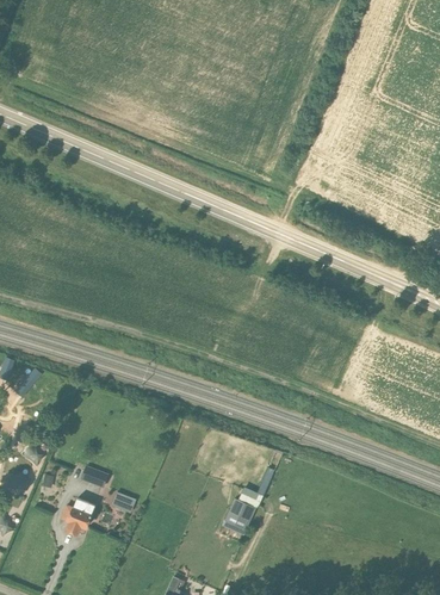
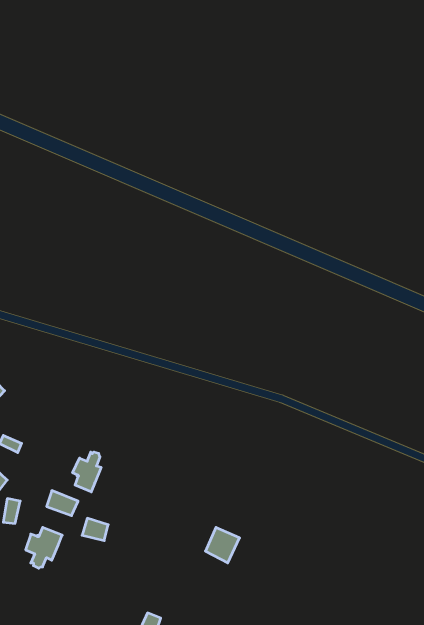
building: none -> [73,452,101,492]

